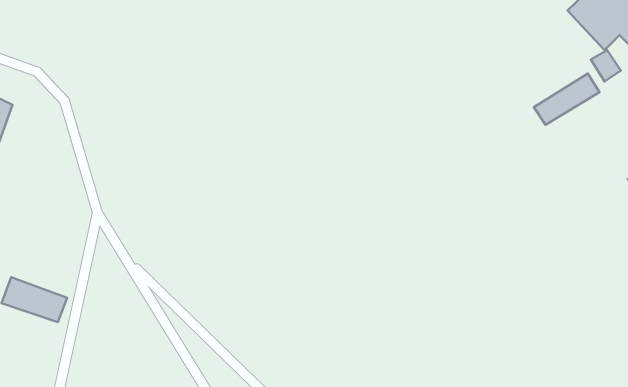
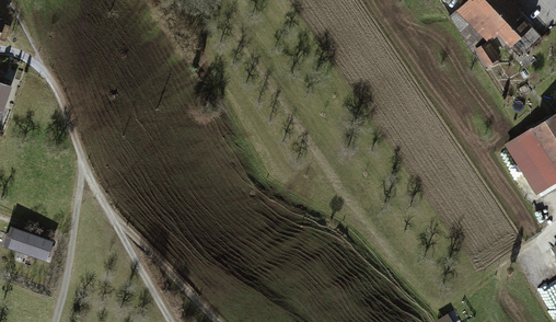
building: [534,74,600,125] -> none

